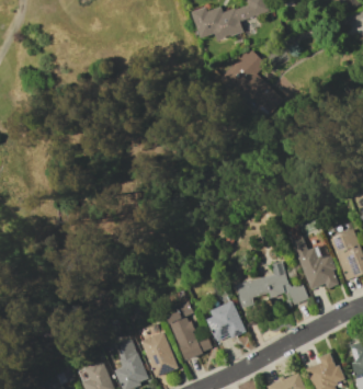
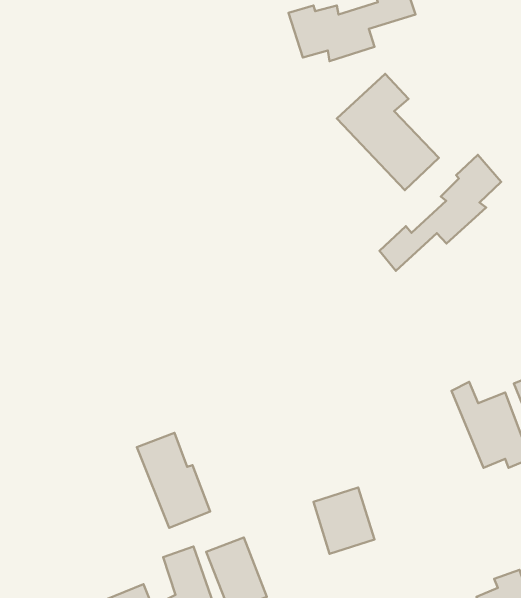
building: none -> [379,155,501,271]
building: [236,261,307,308] -> none
building: [165,301,209,359] -> [137,433,210,528]

